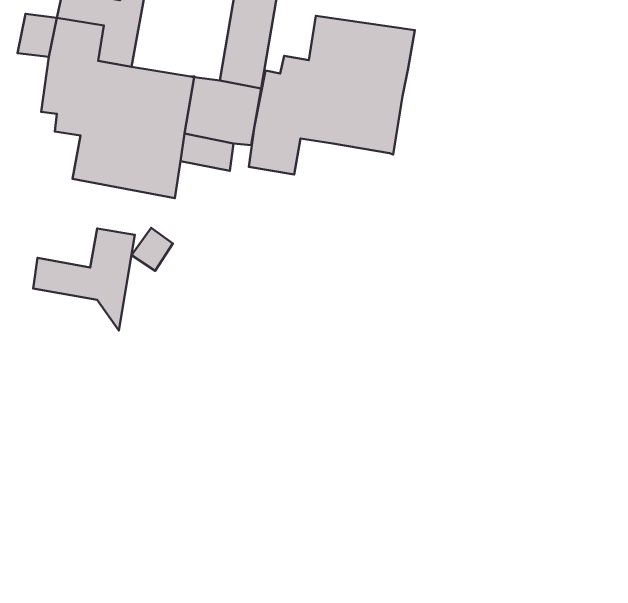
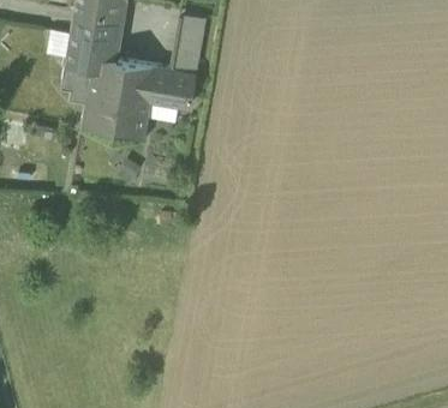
building: [249,16,415,175] -> none
building: [33,229,135,331] -> none

